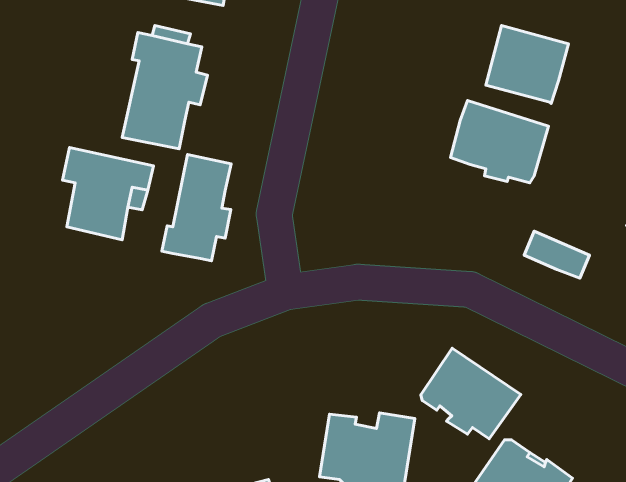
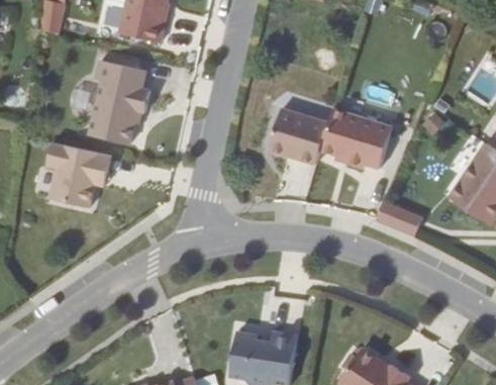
building: [486,26,568,104] -> [271,109,329,165]
building: [162,154,231,261] -> none
building: [421,348,521,439] -> none

